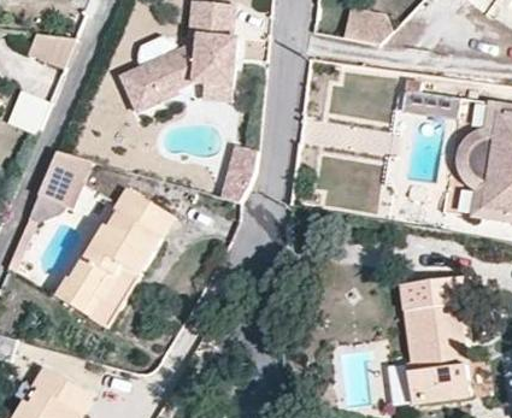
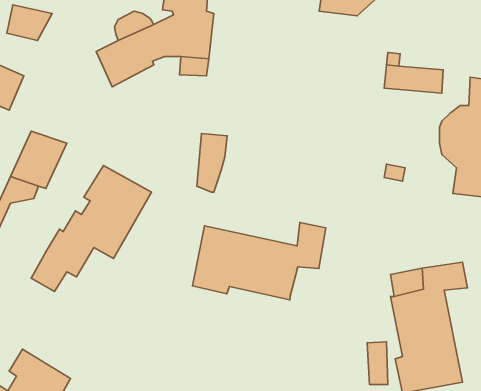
building: none -> [193,223,326,300]
building: [77,270,135,330] -> none

